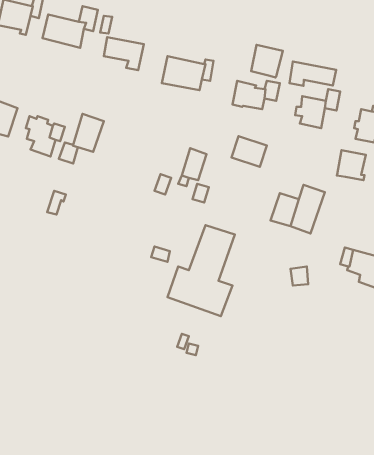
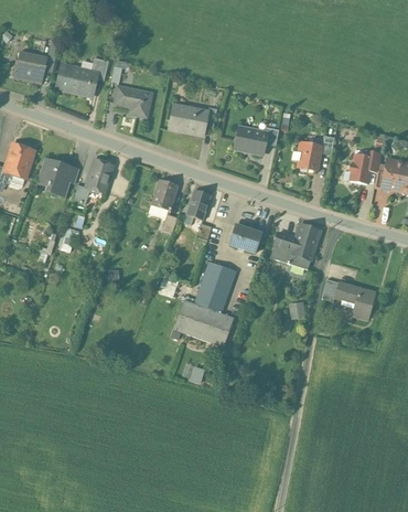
building: [251,45,283,77] -> none
building: [290,61,336,86] -> none
building: [232,136,267,167] -> [228,223,261,252]
building: none -> [151,178,178,210]
building: [337,150,366,180] -> none

